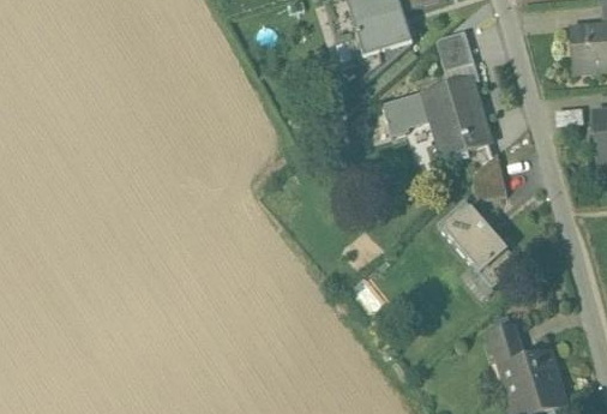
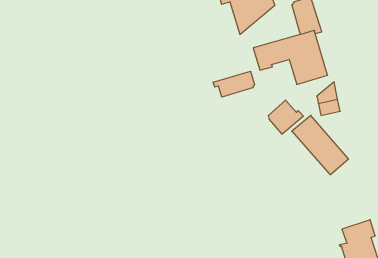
building: none -> [213,71,254,97]
building: none -> [268,100,303,134]
building: [488,324,522,360] -> none

